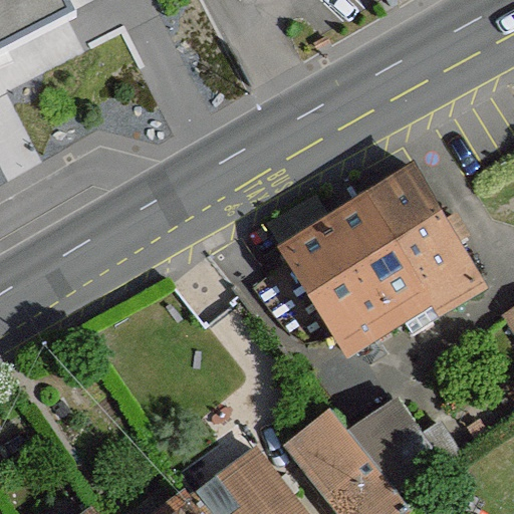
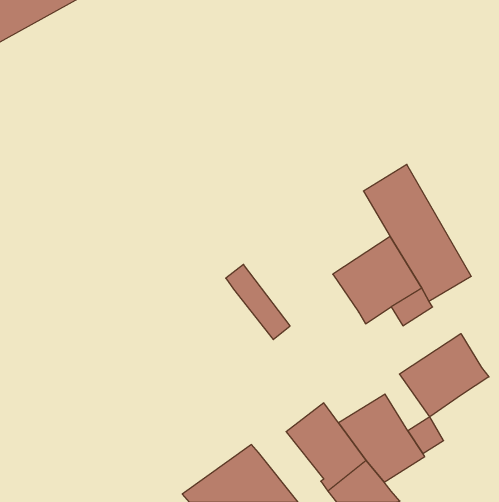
building: [279,194,396,336] -> none
building: none -> [399,334,489,417]

